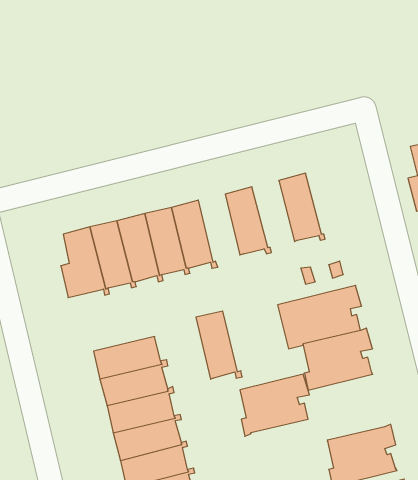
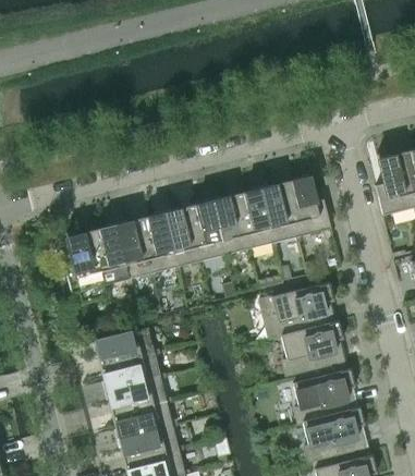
building: none -> [284,174,331,235]
building: none -> [236,187,278,247]
building: [196,311,242,379] -> [188,199,230,260]
building: [240,374,309,436] -> [294,367,356,423]

